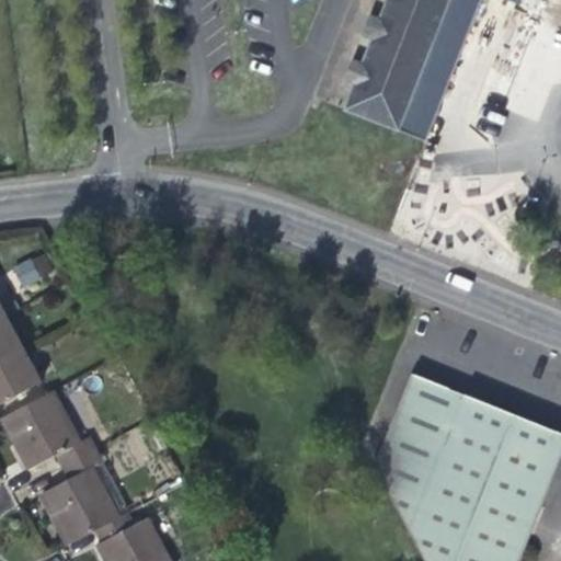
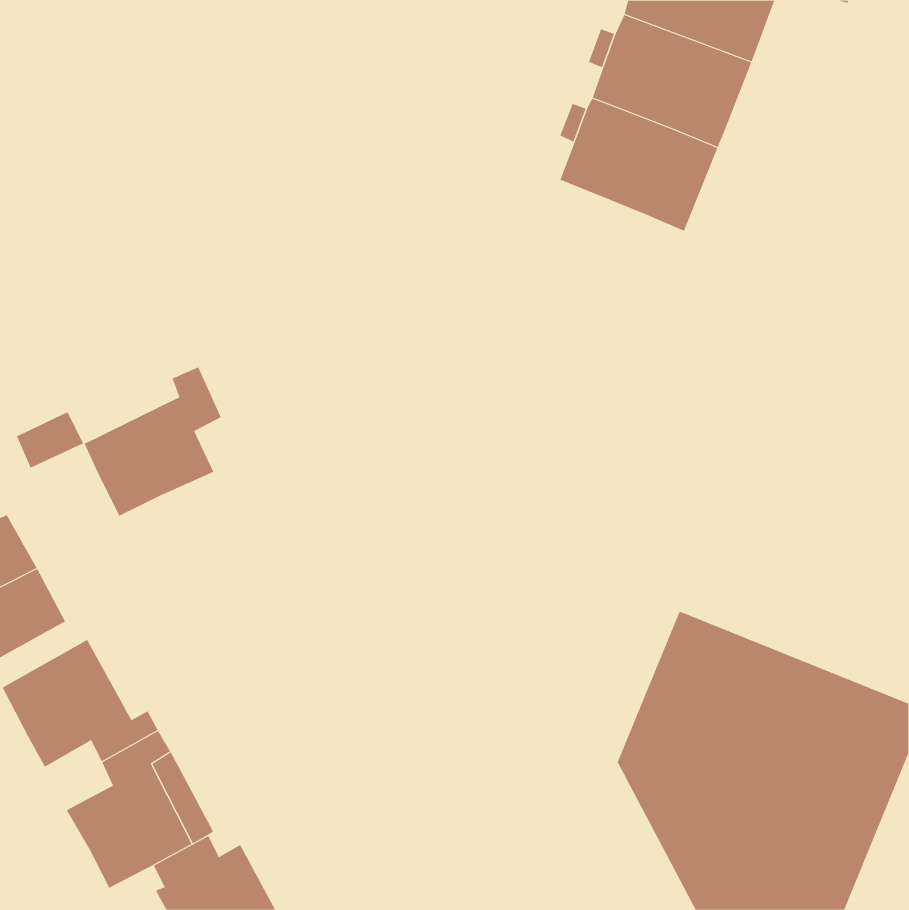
building: none -> [84,366,221,517]

